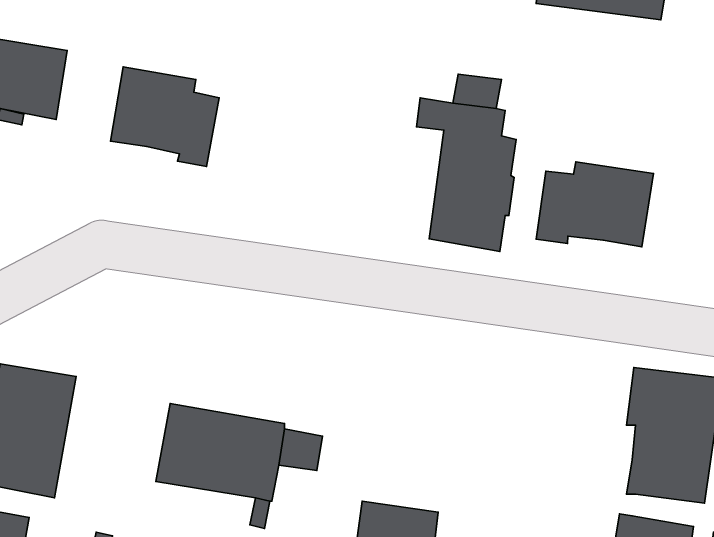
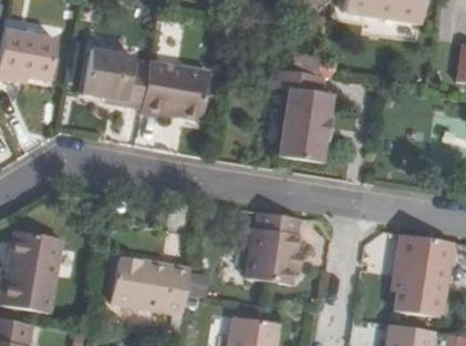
building: none -> [138,63,208,122]
building: [536,162,653,247] -> none
building: none -> [244,212,297,286]

